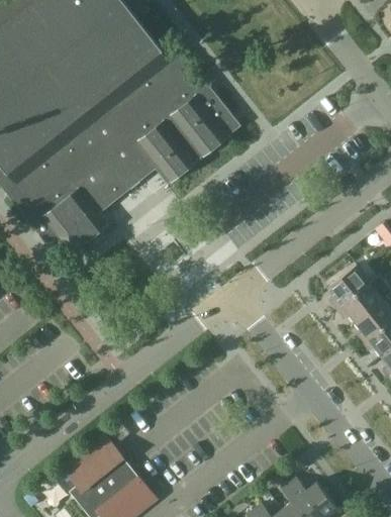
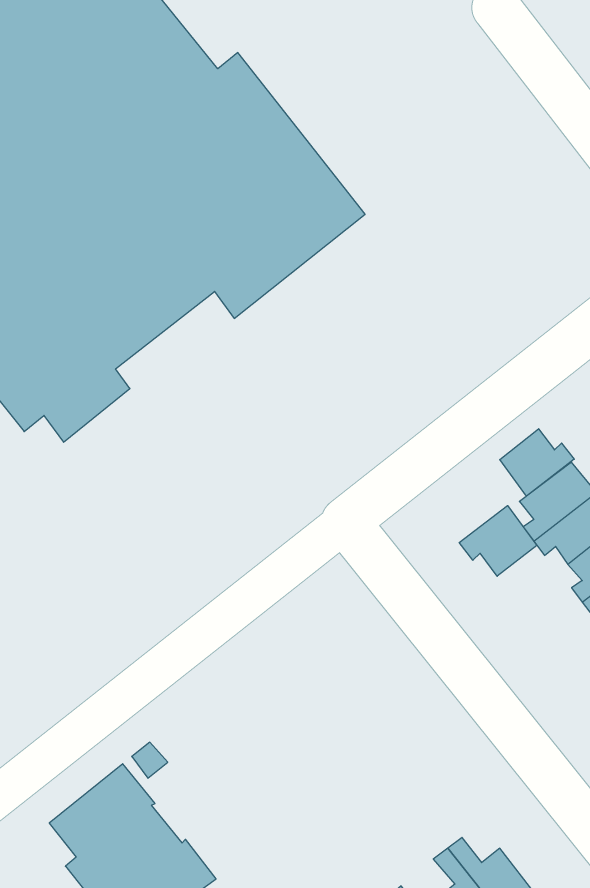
building: none -> [500,429,574,496]
building: none -> [459,506,537,576]

